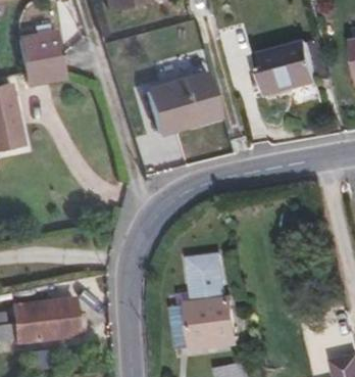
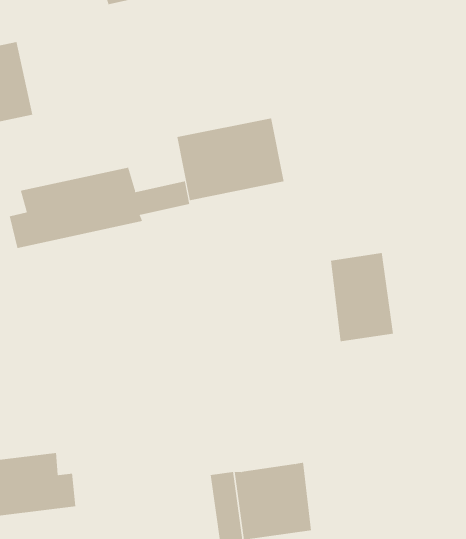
building: [263,53,319,99] -> none
building: none -> [9,167,190,249]
building: [184,250,224,308] -> [330,253,394,342]

